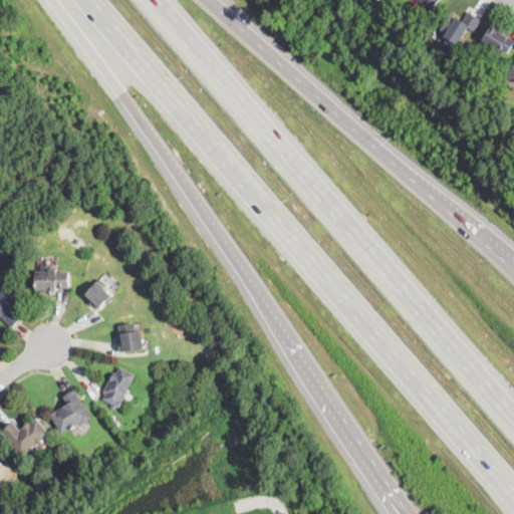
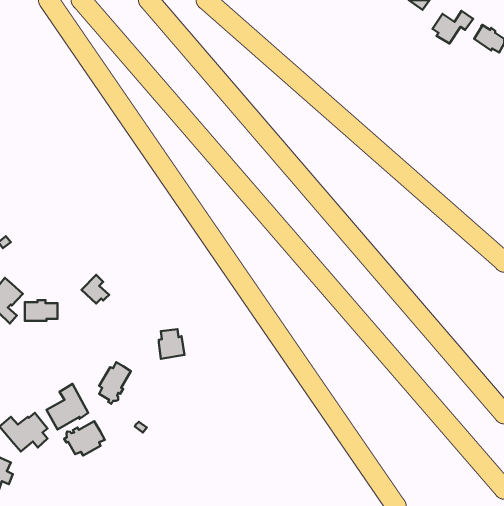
building: [34,270,67,291] -> [25,300,57,321]
building: [115,323,142,353] -> [159,329,185,359]
building: none -> [64,421,105,455]

